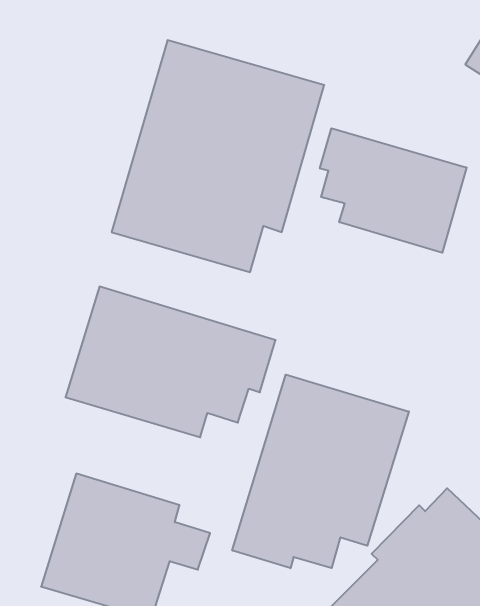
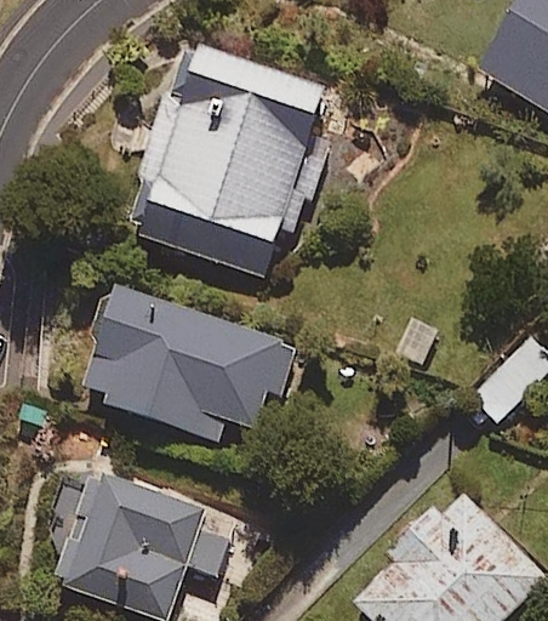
building: [320,128,467,253] -> none
building: [232,375,409,568] -> none

